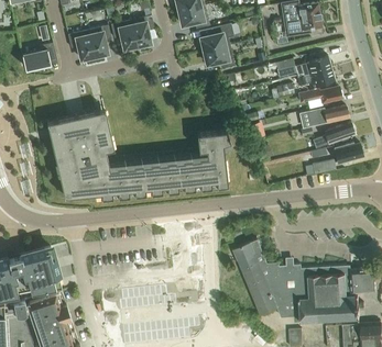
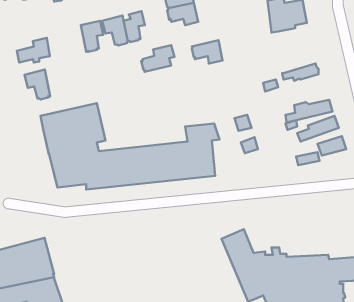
building: [199,24,233,52] -> [141,45,174,72]
building: [67,30,94,60] -> [25,70,50,99]
building: [275,56,330,79] -> none
building: [297,87,340,104] -> none

